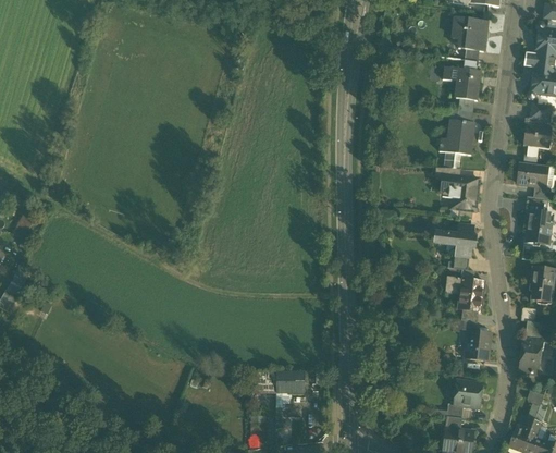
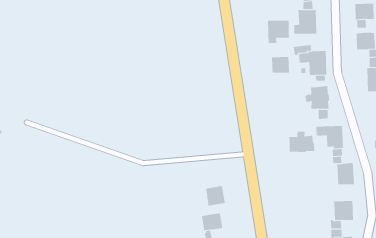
building: none -> [268,20,289,44]
building: none -> [272,56,289,74]
building: none -> [289,131,315,153]
building: none -> [206,185,225,206]

